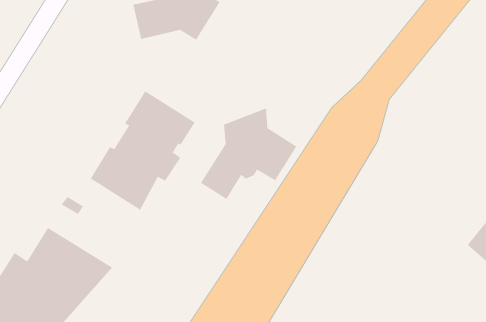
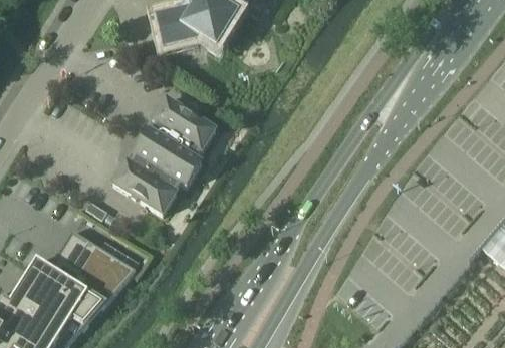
building: [200,108,297,200] -> none

